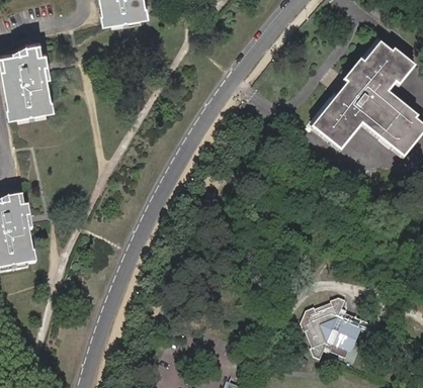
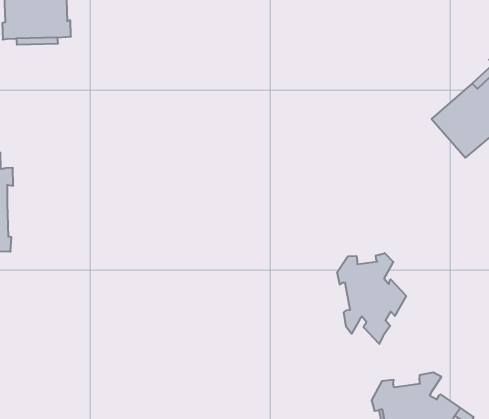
building: none -> [337,253,406,344]

